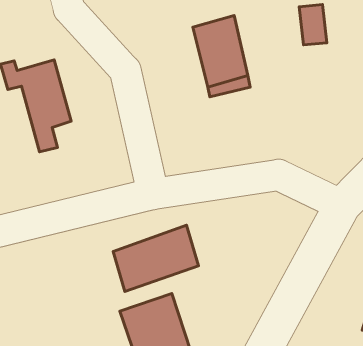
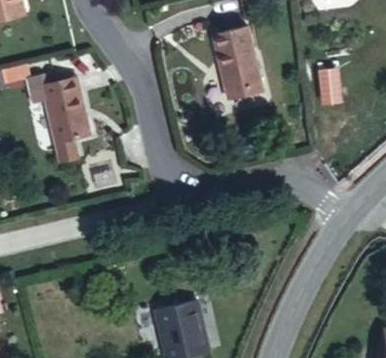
building: [299,5,327,45] -> [316,64,342,102]
building: [113,225,199,291] -> none

